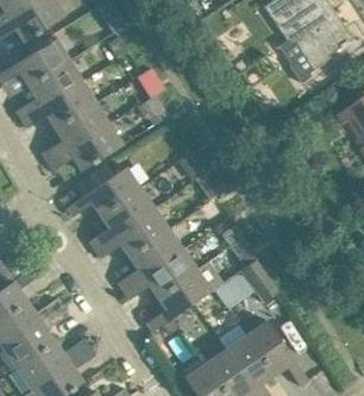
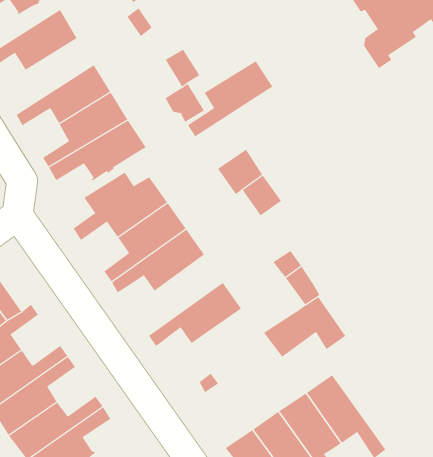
building: [14,61,81,120] -> [187,61,273,137]
building: [117,228,181,291] -> none
building: [144,270,211,332] -> none

